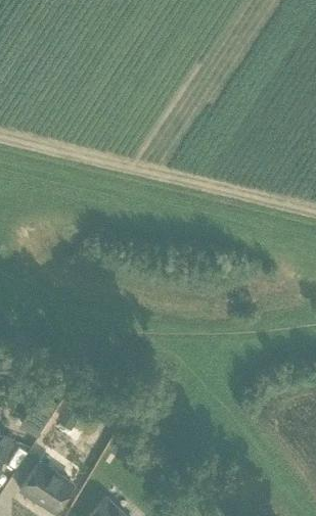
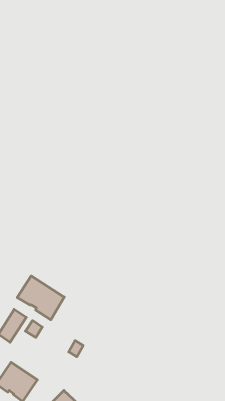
building: none -> [17,276,64,320]

